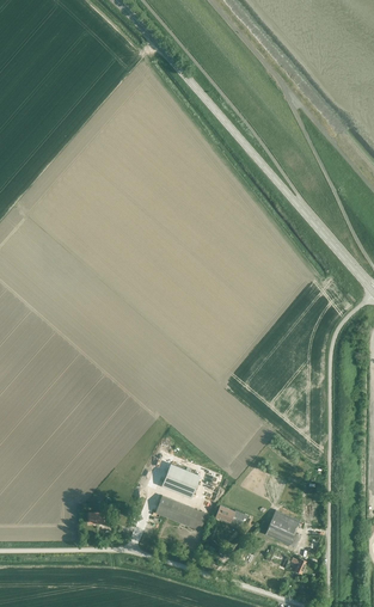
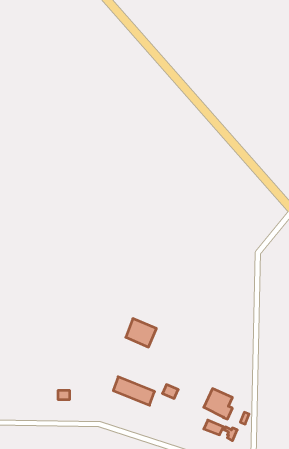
building: [163,464,200,498] -> [126,319,156,347]

